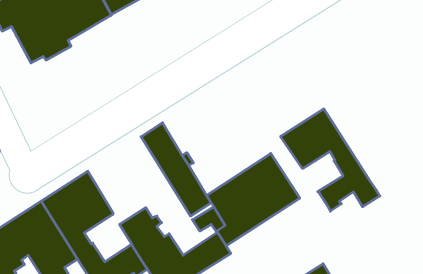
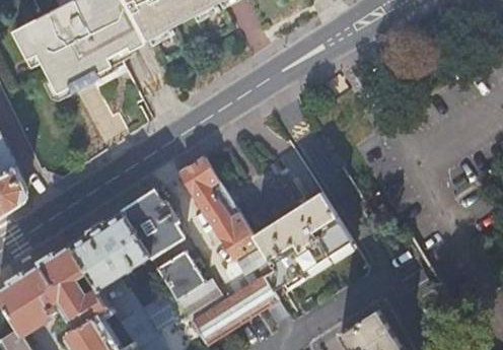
building: [281,109,380,211] -> none
building: none -> [121,191,179,257]

